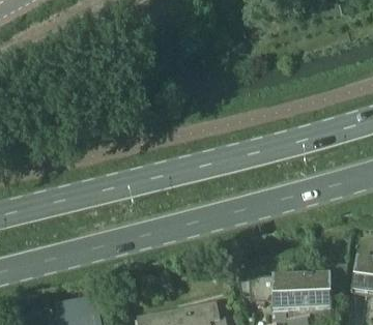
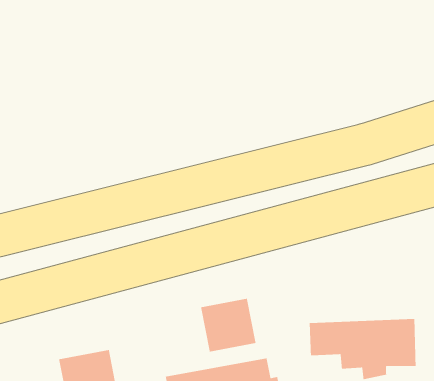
building: none -> [200,298,257,352]

